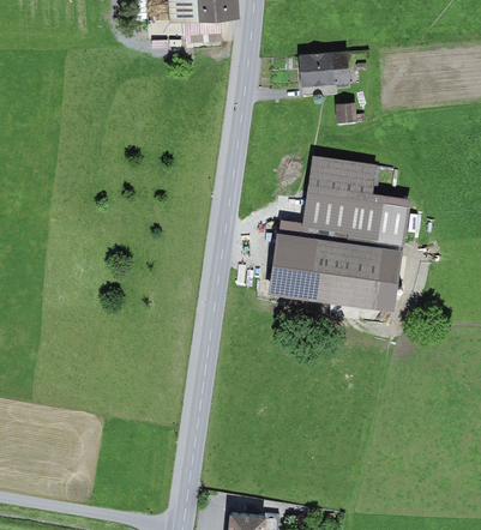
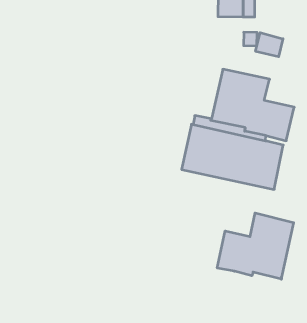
building: none -> [256,33,283,57]
building: none -> [217,213,294,279]

